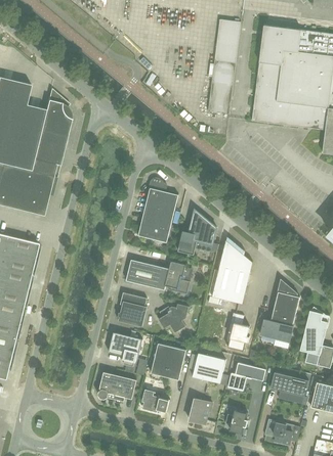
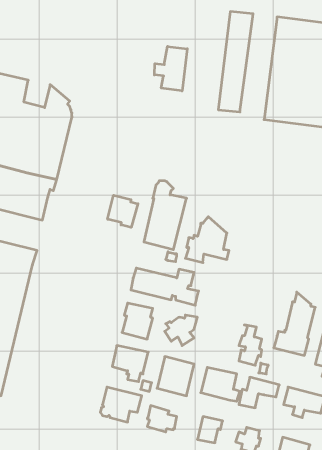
building: none -> [154,46,187,91]
building: none -> [108,195,138,227]
building: [211,236,252,304] -> none

